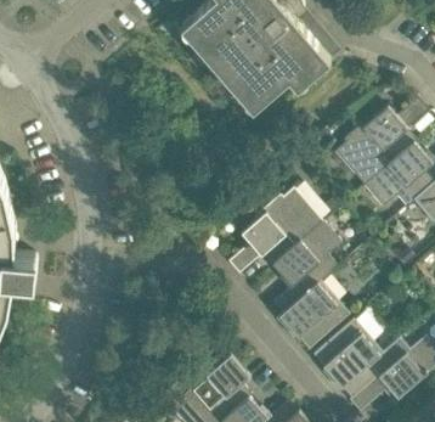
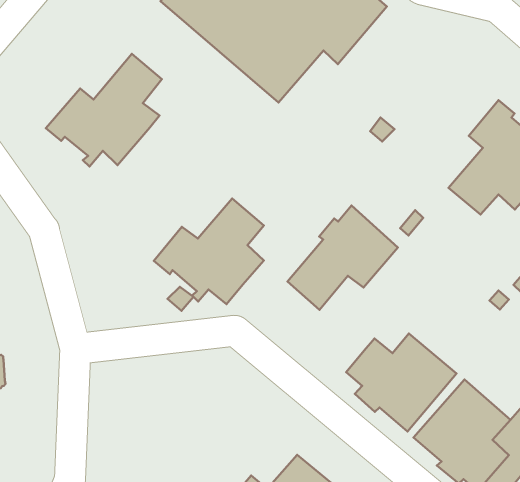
building: none -> [46,54,162,167]
building: [333,111,405,190] -> none
building: [259,226,339,299] -> [154,199,264,304]

